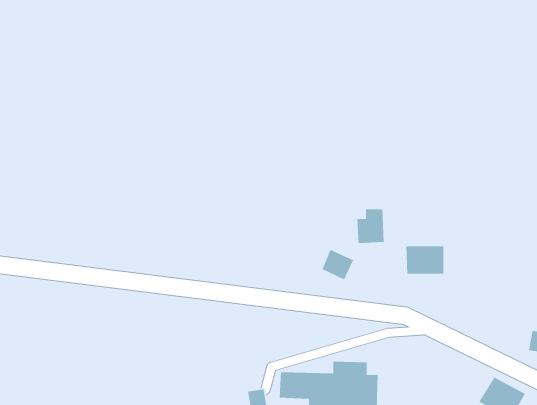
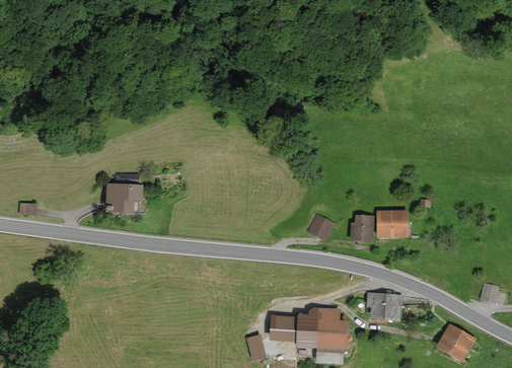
building: [357,209,384,244] -> [349,216,372,245]
building: none -> [104,185,145,212]
building: none -> [367,293,404,321]

